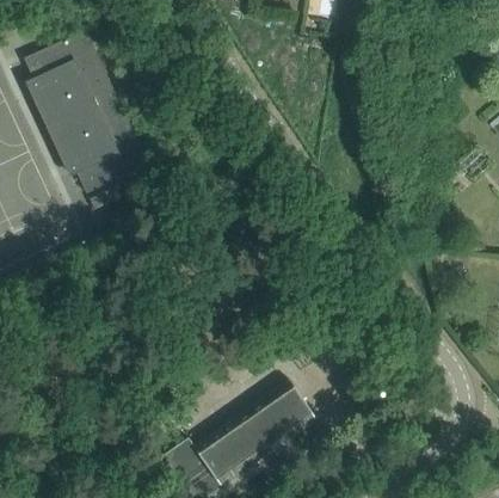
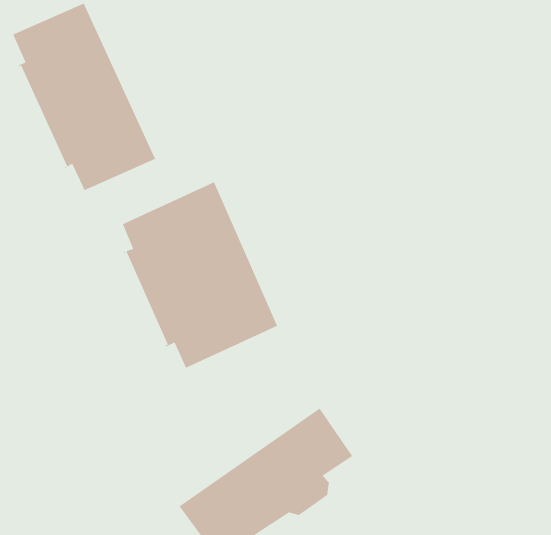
building: none -> [122,181,278,369]

